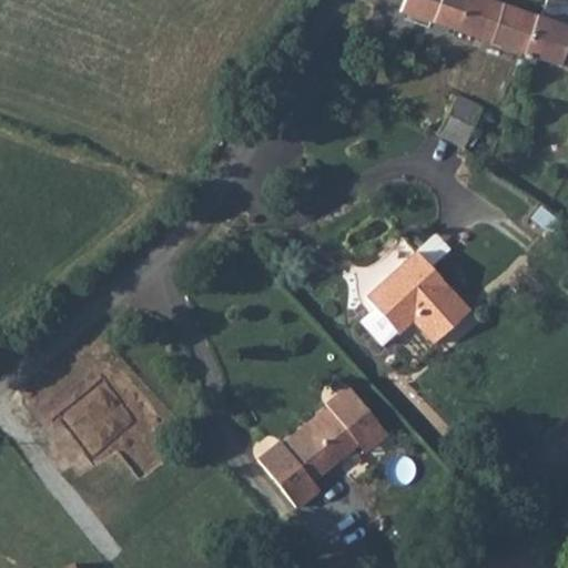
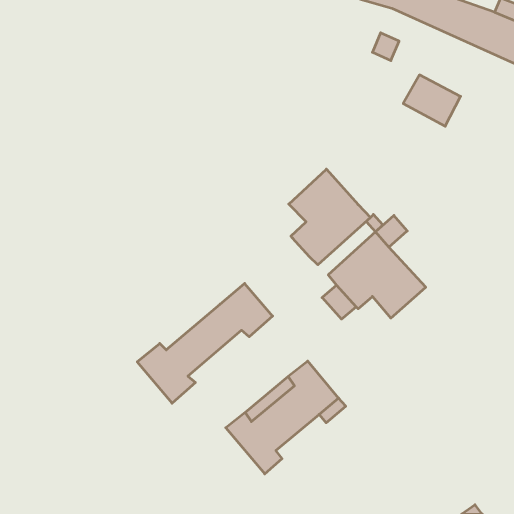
building: none -> [289,169,370,265]
building: none -> [137,283,273,403]

